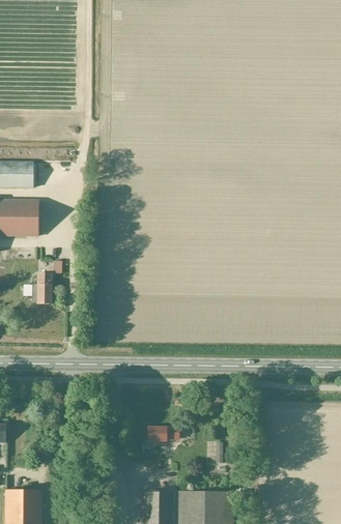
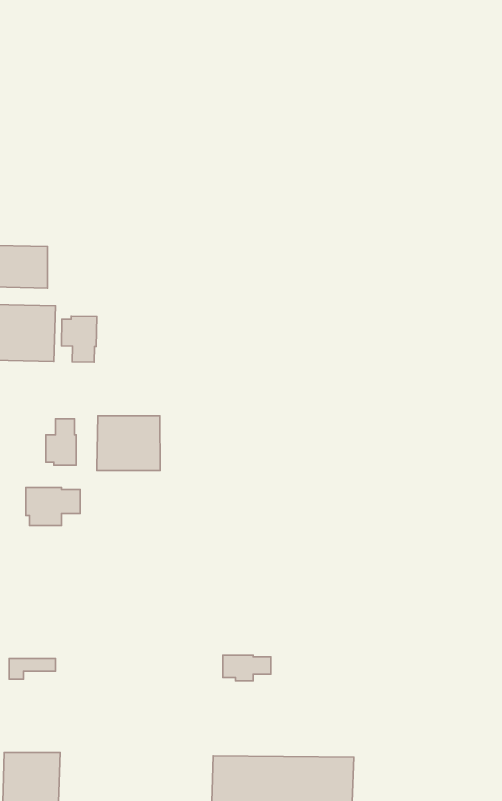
building: none -> [61,316,97,362]
building: none -> [97,416,160,470]
building: none -> [26,487,80,526]

